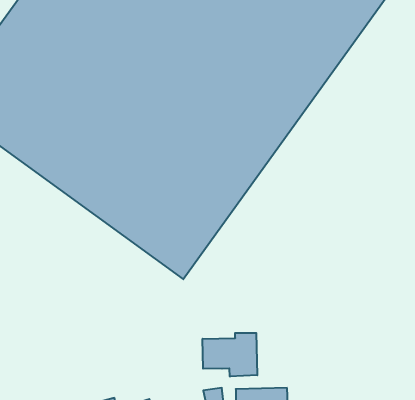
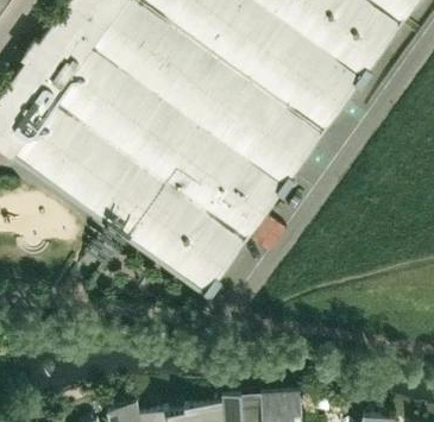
building: [203,333,257,377] -> none

